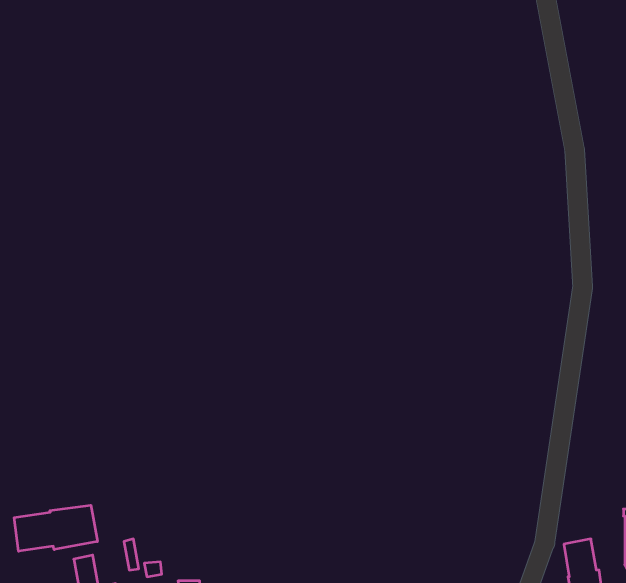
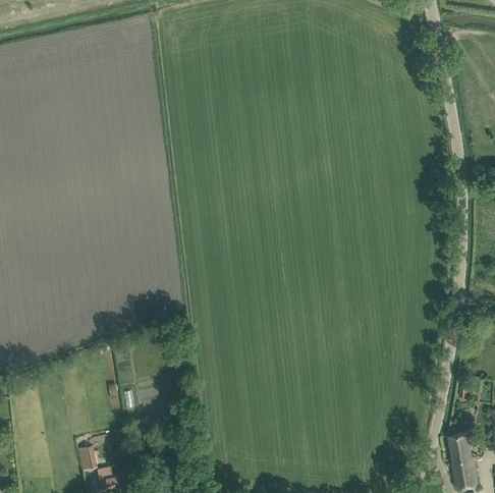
building: [14,505,97,551] -> none

